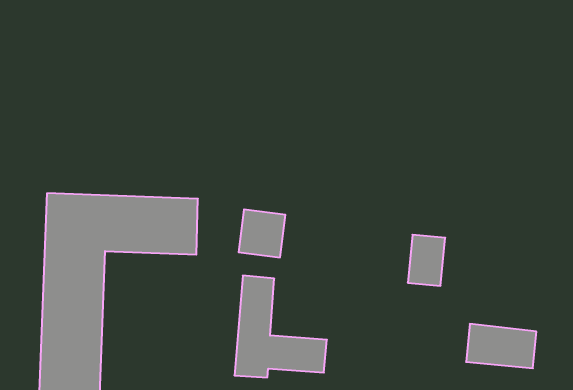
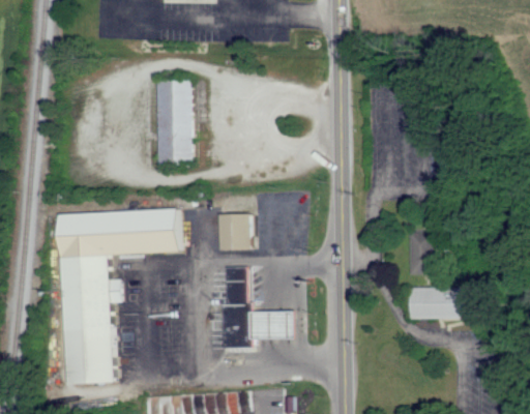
building: none -> [155,79,194,166]
building: [408,235,445,286] -> [408,233,435,272]

